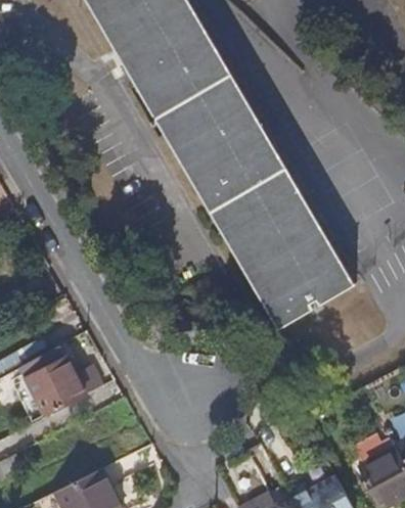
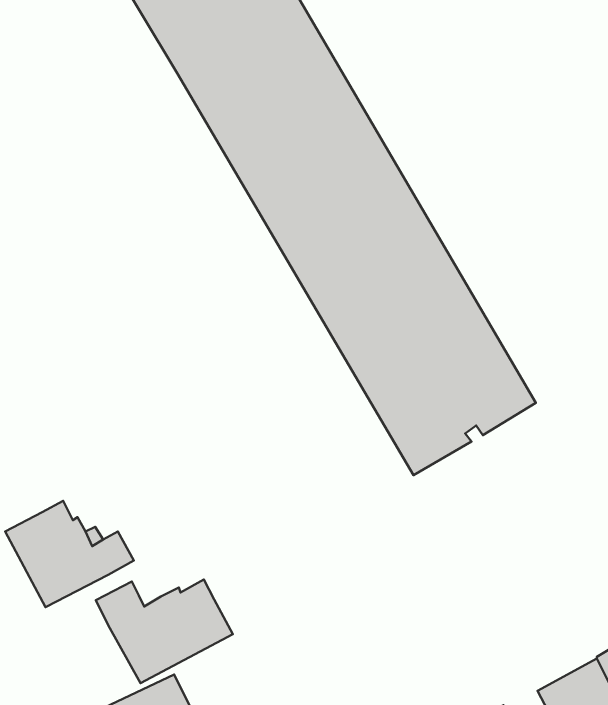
building: none -> [96,580,233,683]

